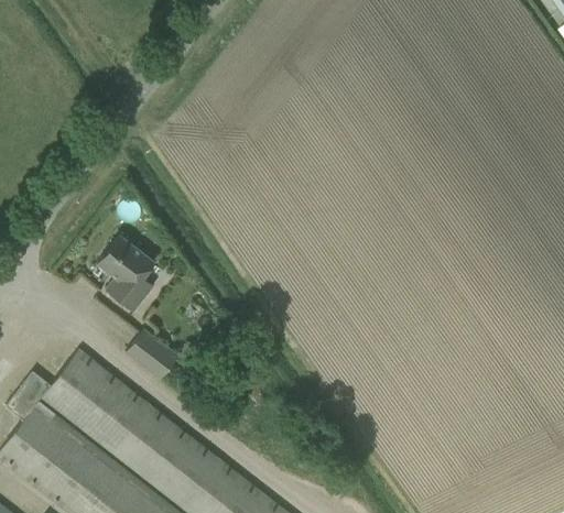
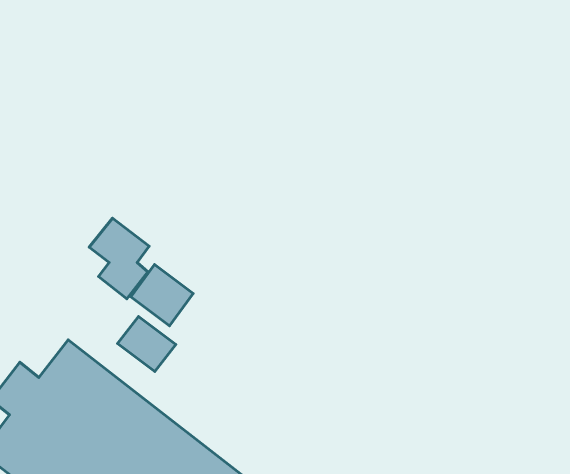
building: none -> [131,264,193,326]

